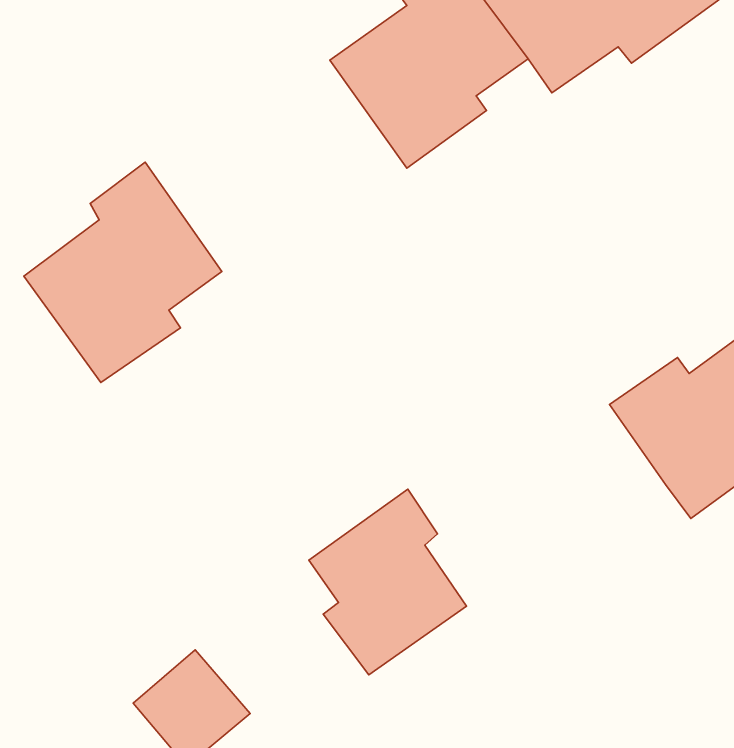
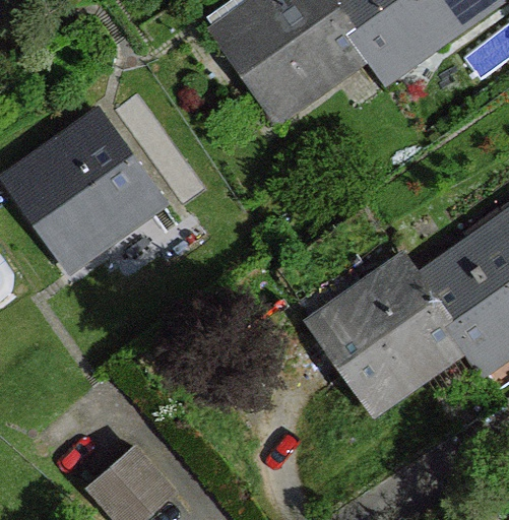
building: none -> [323,261,458,411]
building: [309,489,466,675] -> none

